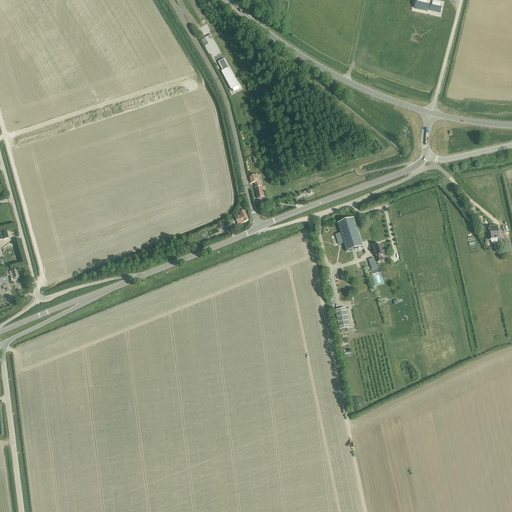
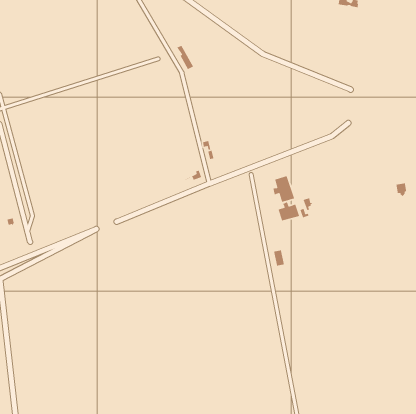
building: none -> [278,201,300,221]

